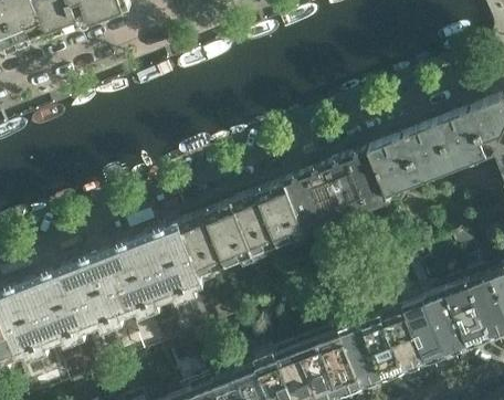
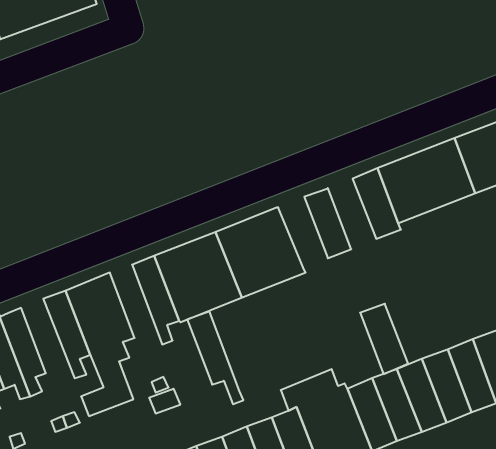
building: [324,158,365,218] -> [360,304,408,374]
building: [282,173,324,233] -> none
building: [139,231,187,309] -> [187,312,243,404]
building: [64,260,109,331] -> none

